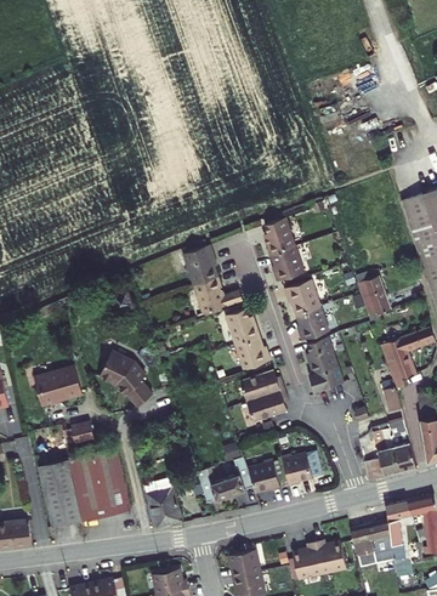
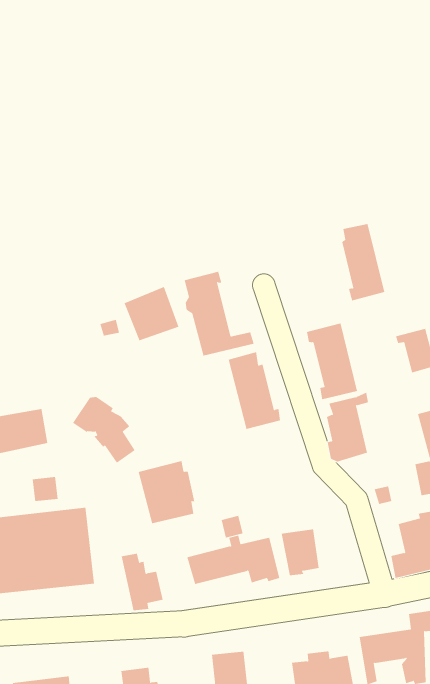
building: [265,216,303,280] -> [341,224,385,301]
building: none -> [124,286,179,341]
building: [237,369,285,422] -> [138,461,195,524]

